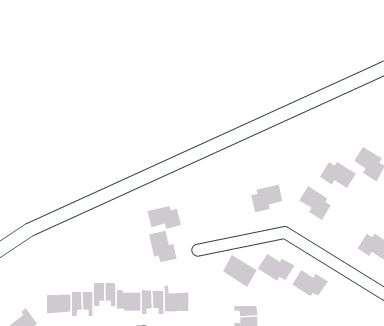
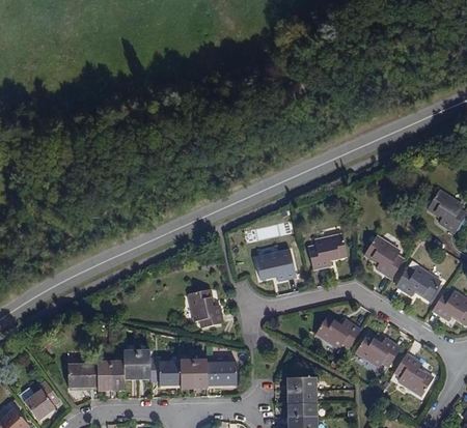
building: [319,161,357,189] -> [395,267,440,301]
building: [146,205,182,230] -> [254,253,296,282]
building: [222,254,258,288] -> none
building: none -> [393,355,433,397]

